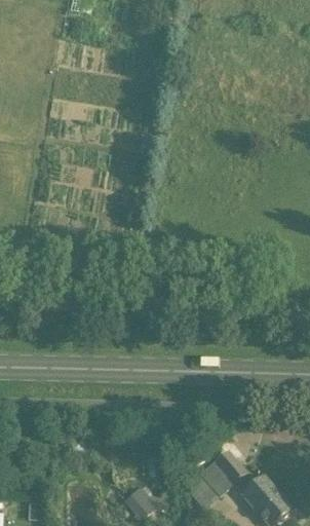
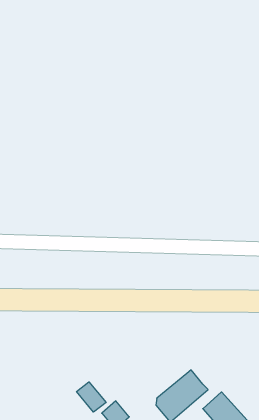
building: none -> [77,382,106,412]

